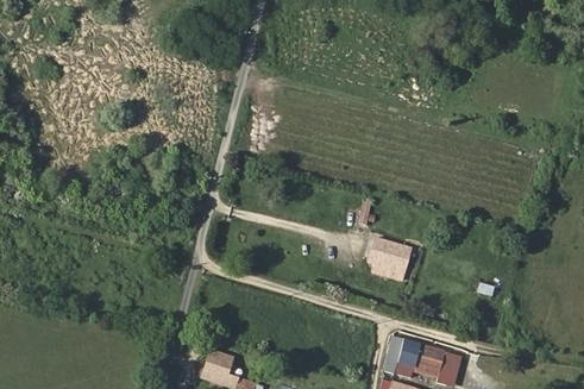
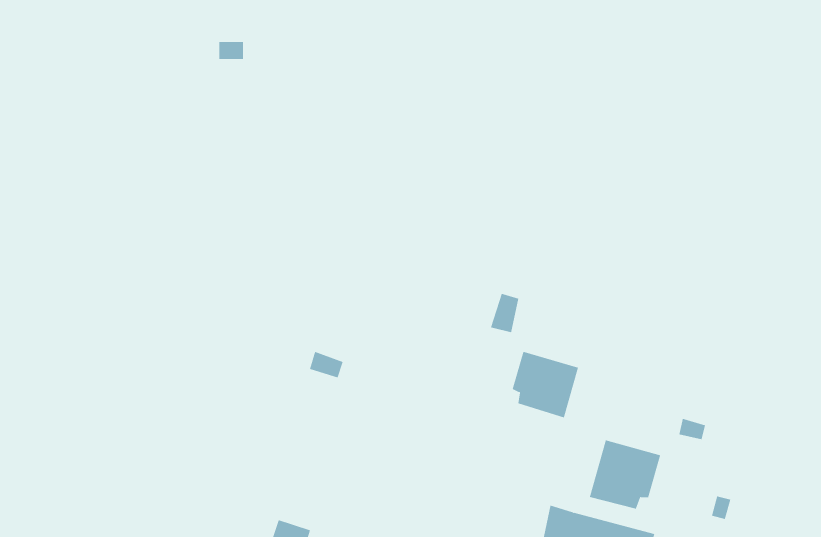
building: none -> [589,439,661,509]

